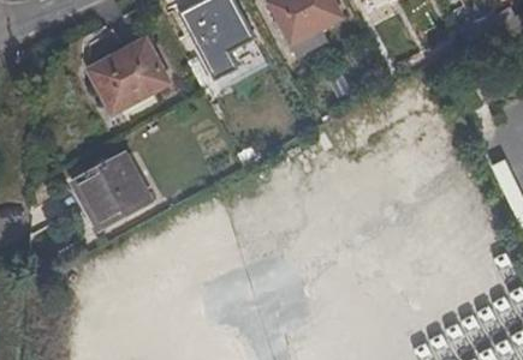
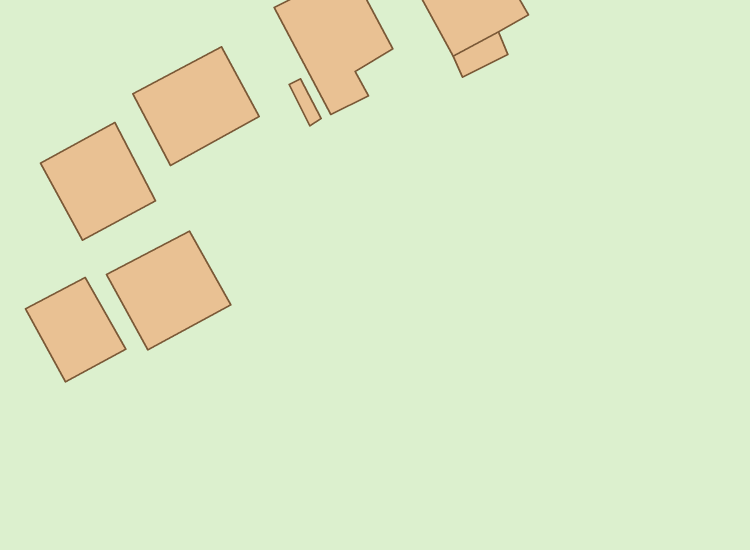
building: none -> [41,122,156,240]
building: none -> [26,277,126,382]

